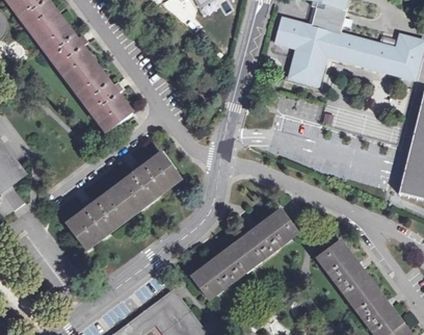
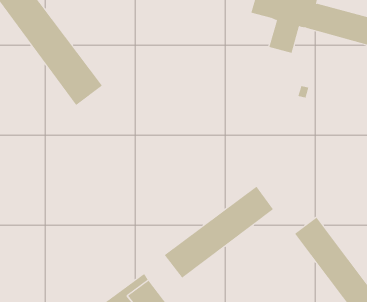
building: [285,46,327,88] -> none
building: [65,153,181,251] -> none

